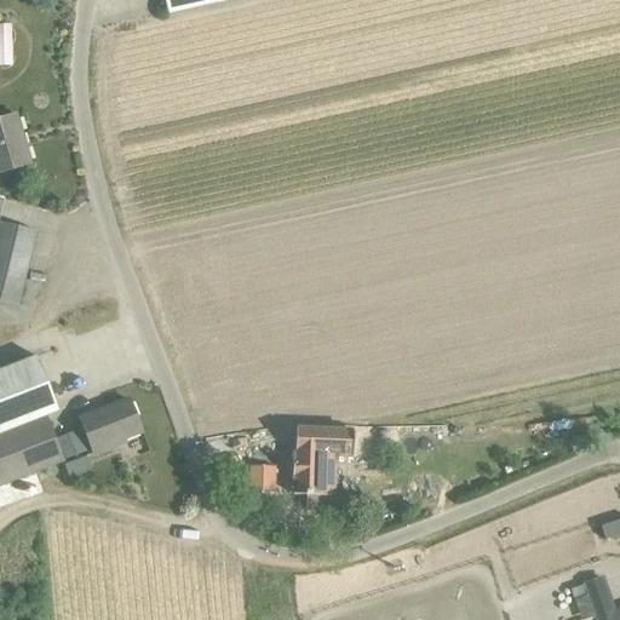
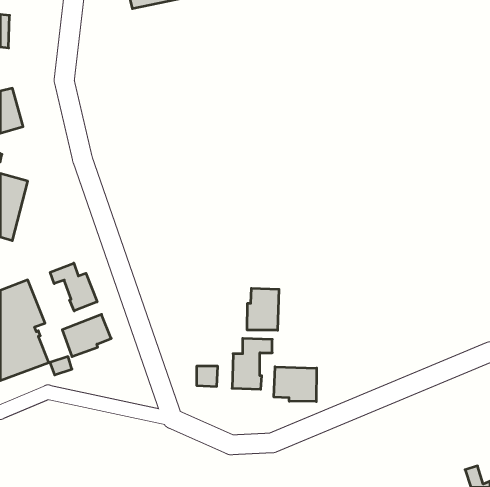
building: none -> [50,263,97,311]
building: none -> [247,288,279,330]
building: none -> [274,367,317,402]

